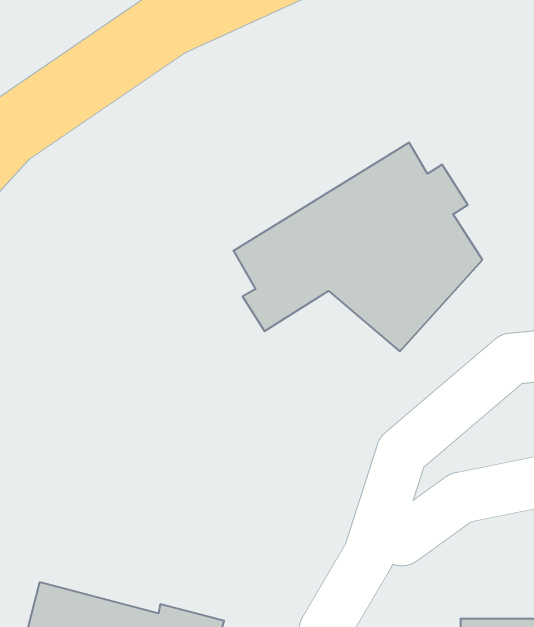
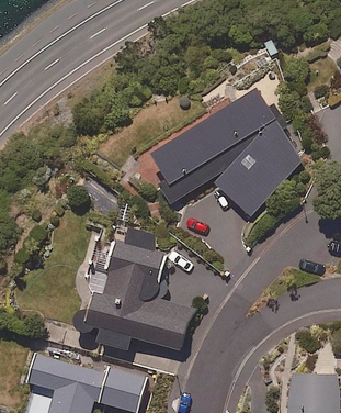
building: none -> [76,231,192,351]

